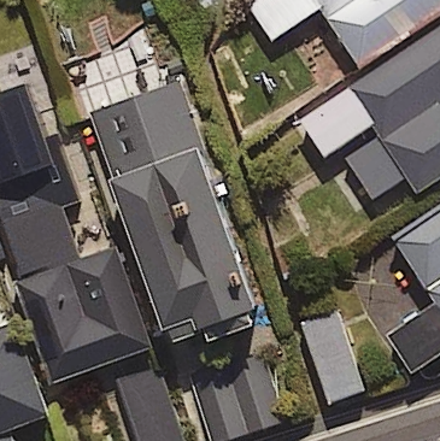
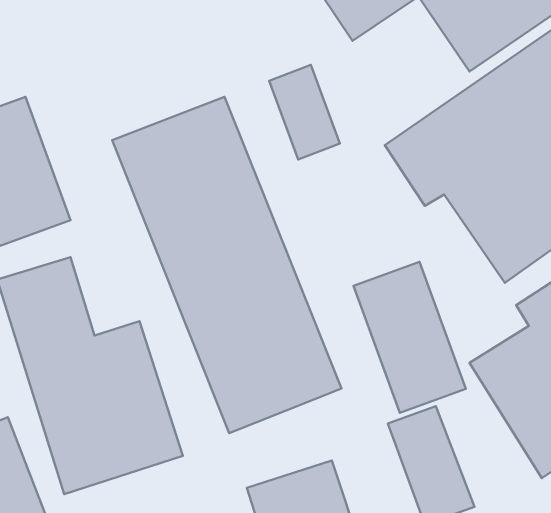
building: none -> [353,262,466,413]

